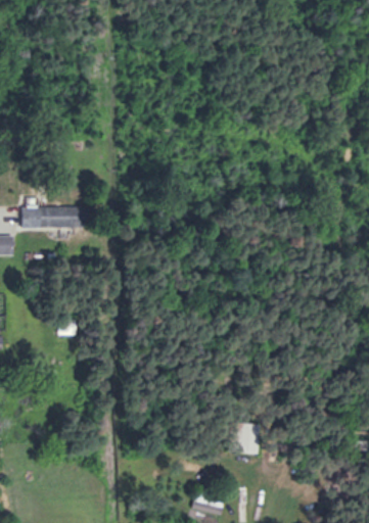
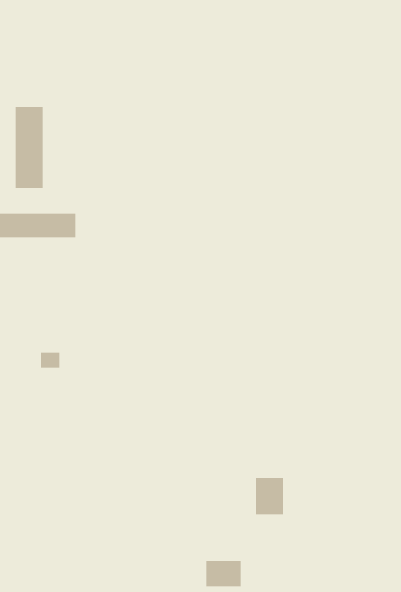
building: none -> [15,106,43,189]

